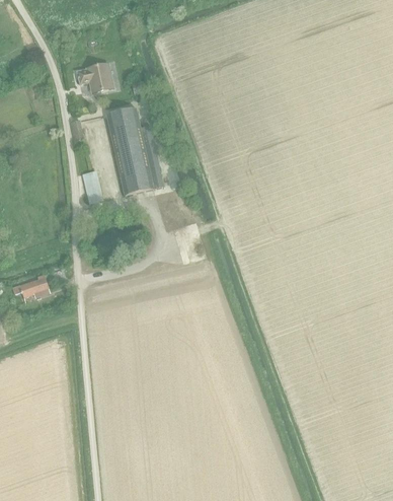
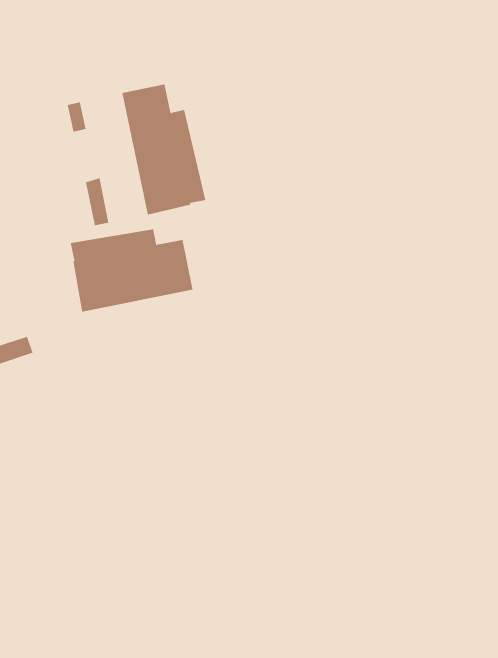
building: [76,64,112,91] -> none
building: none -> [70,228,193,312]

